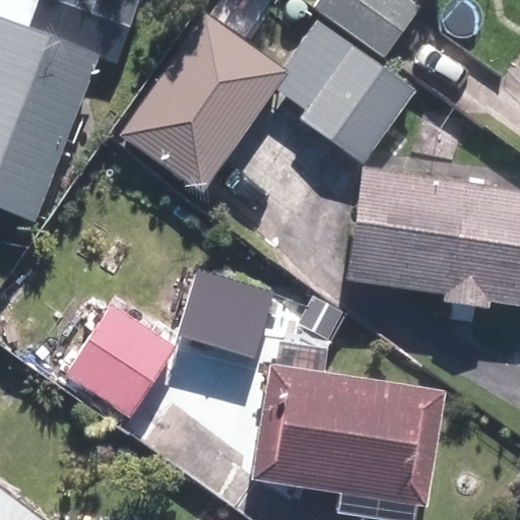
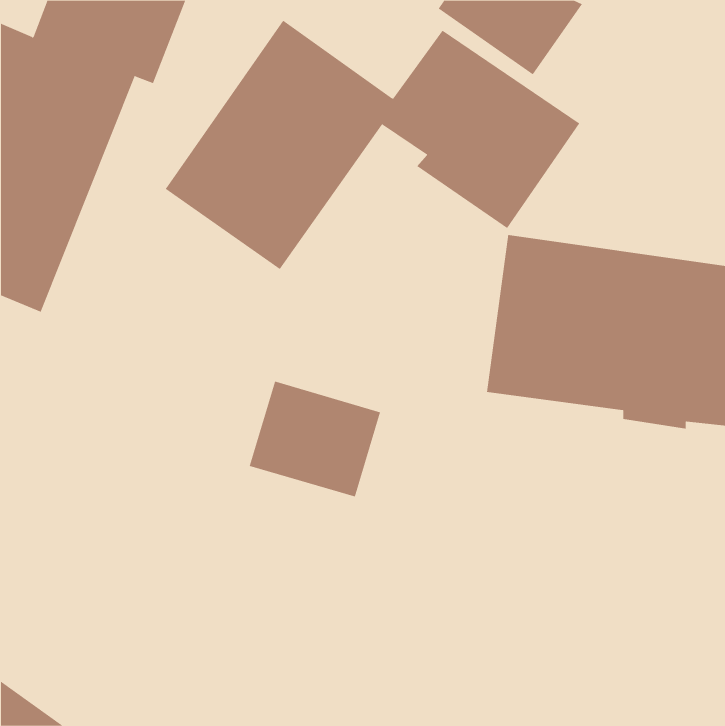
building: [65,306,175,417] -> none
building: [253,365,444,504] -> none

